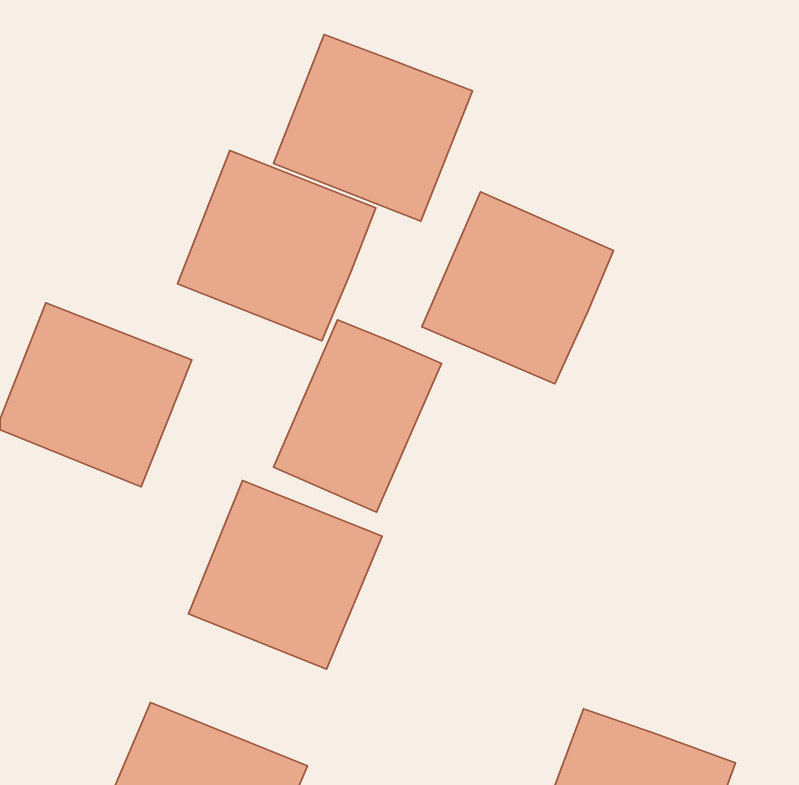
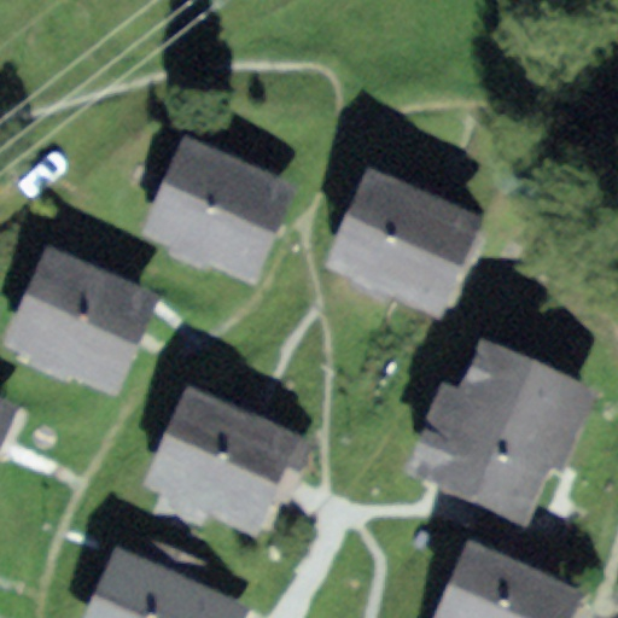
building: [273,34,473,221] -> none
building: [274,320,441,512] -> none
building: none -> [407,334,578,521]

